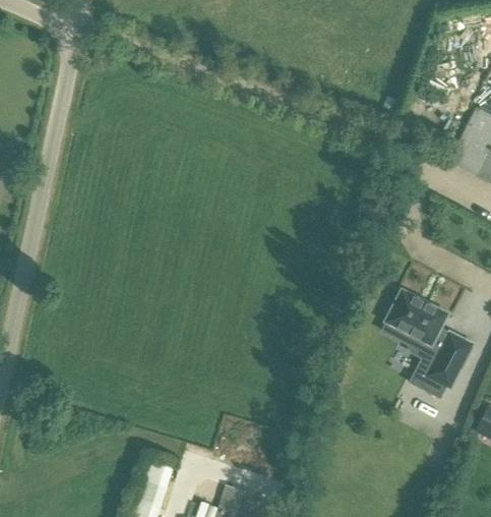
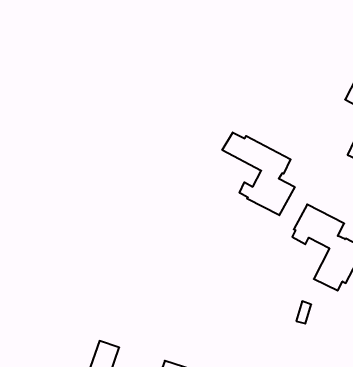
building: none -> [222,132,295,215]

